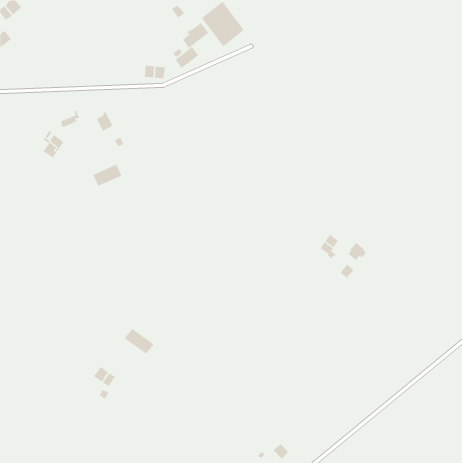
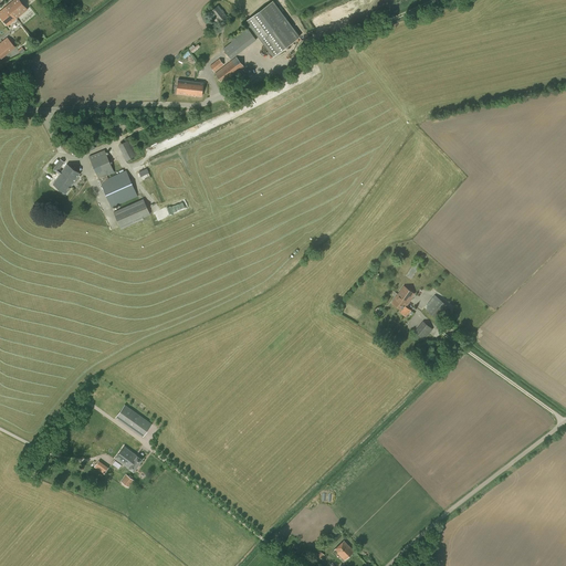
building: none -> [87,149,137,208]
building: [124,328,155,355] -> [114,405,151,437]

